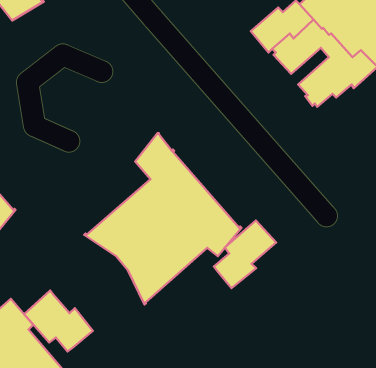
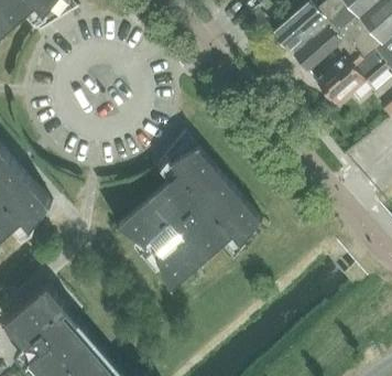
building: [214,220,276,288] -> none
building: [24,291,93,352] -> none

